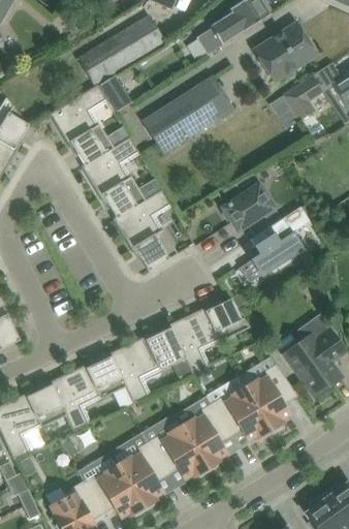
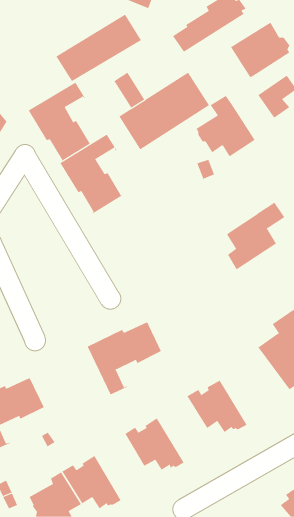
building: [99,74,131,112] -> [114,72,145,108]
building: [221,173,282,236] -> [196,95,256,157]
building: [114,189,178,271] -> none
building: [169,298,250,373] -> none
building: [51,352,133,430] -> none
building: [245,364,298,432] -> none
building: [181,403,231,470] -> none
building: [118,441,167,508] -> none

